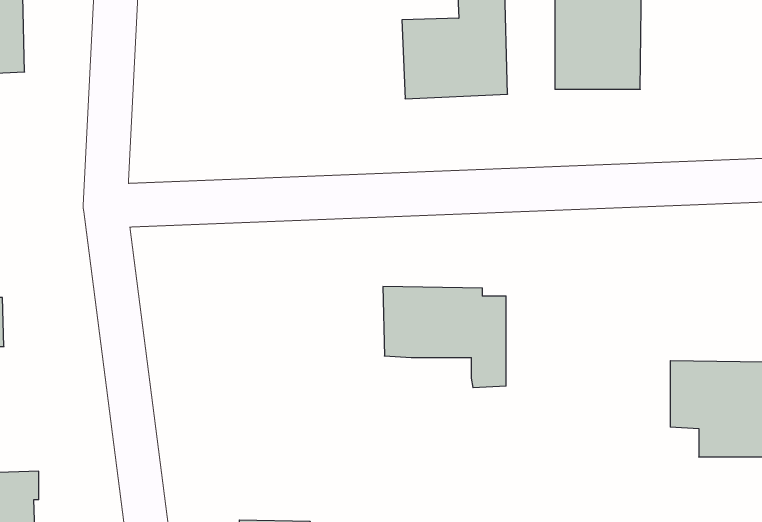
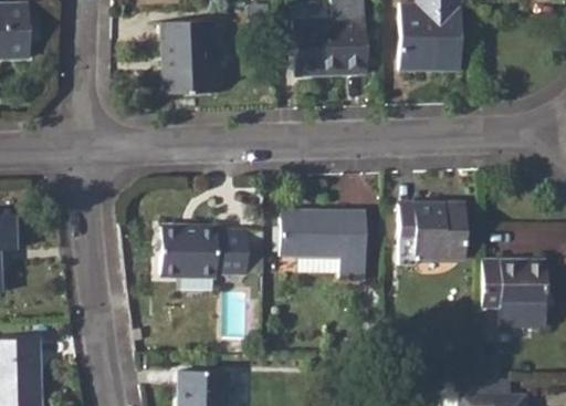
building: none -> [154,21,216,94]
building: none -> [399,205,464,266]
building: none -> [160,227,247,274]

